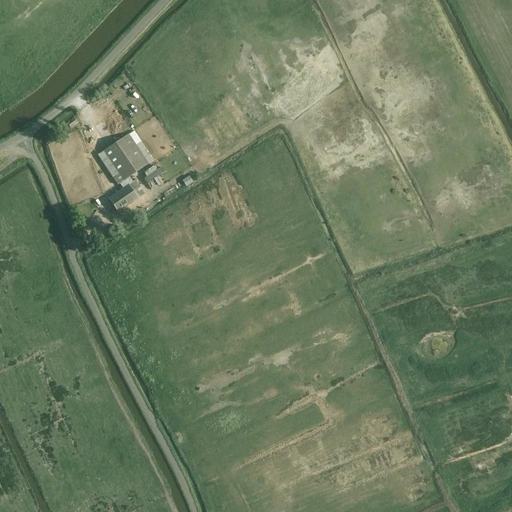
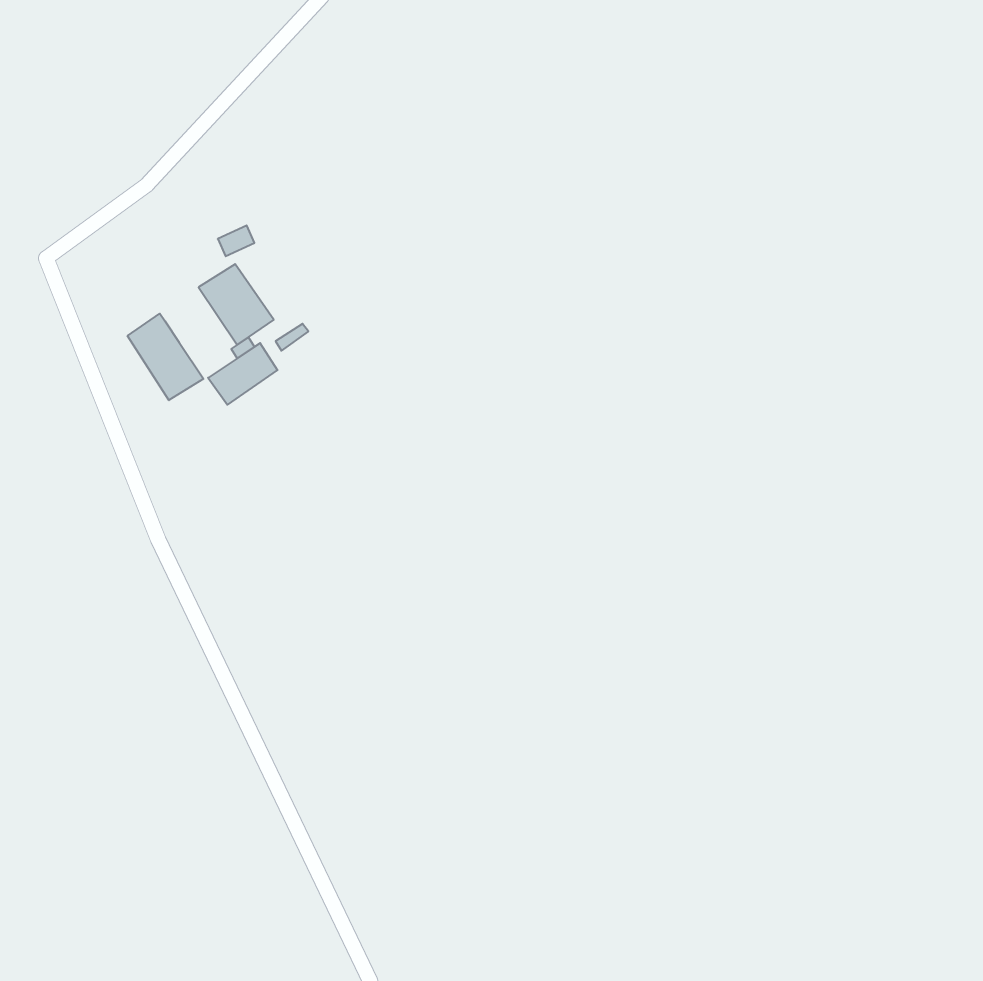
building: none -> [128,314,203,400]

